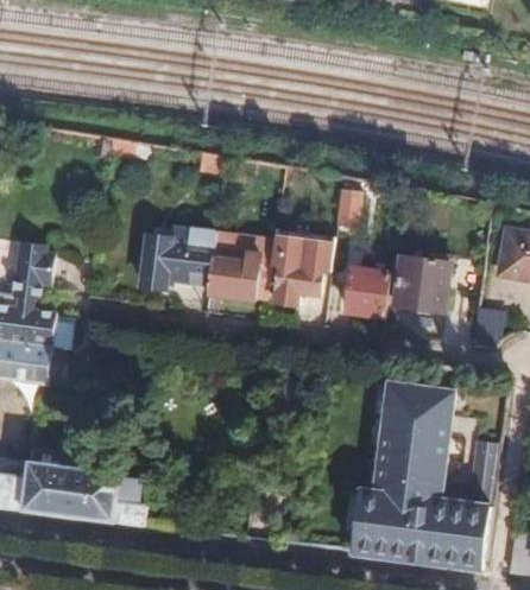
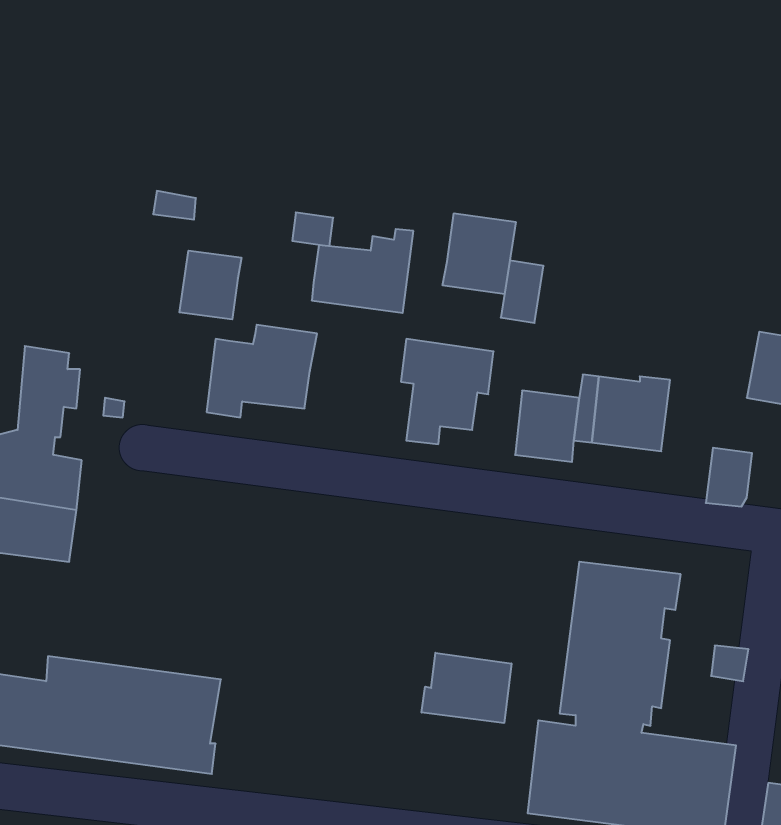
building: none -> [443,213,516,294]
building: none -> [179,251,241,319]
building: [203,247,271,303] -> [312,229,413,313]
building: none -> [422,653,511,723]

